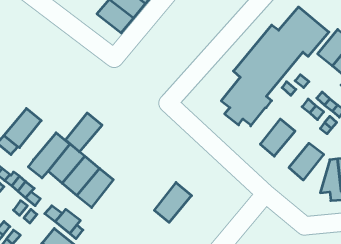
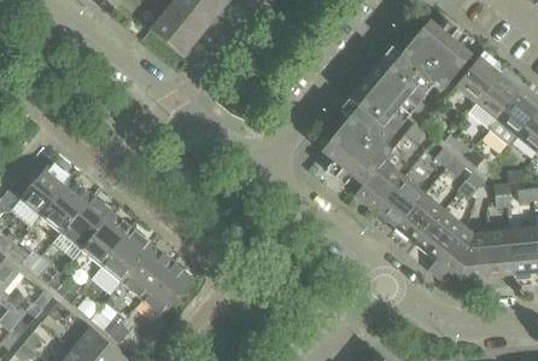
building: none -> [356,161,404,211]
building: [66,113,102,152] -> [42,179,93,233]
building: none -> [396,193,444,244]
building: none -> [428,226,473,279]
building: [154,182,192,222] -> [142,261,194,316]

